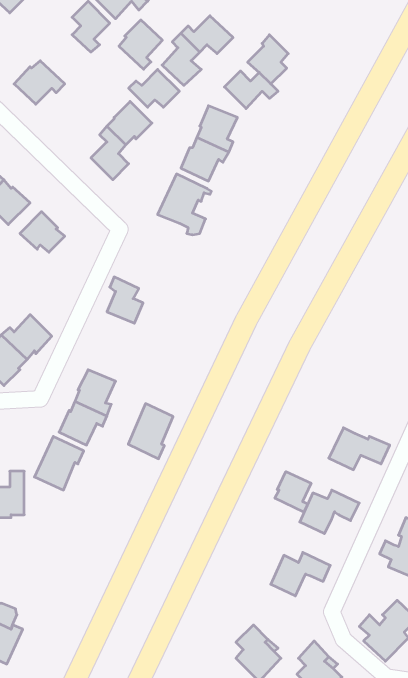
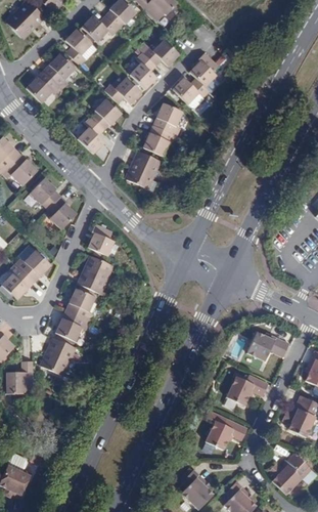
building: [119,20,162,69] -> [43,52,74,87]
building: none -> [49,195,76,229]
building: [128,404,173,459] -> [79,255,110,294]
building: [275,472,311,512] -> none

